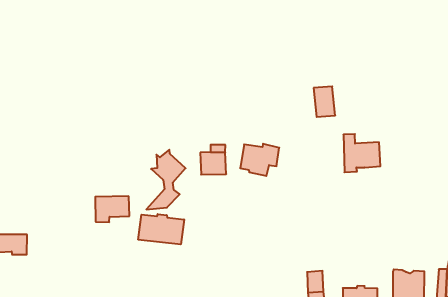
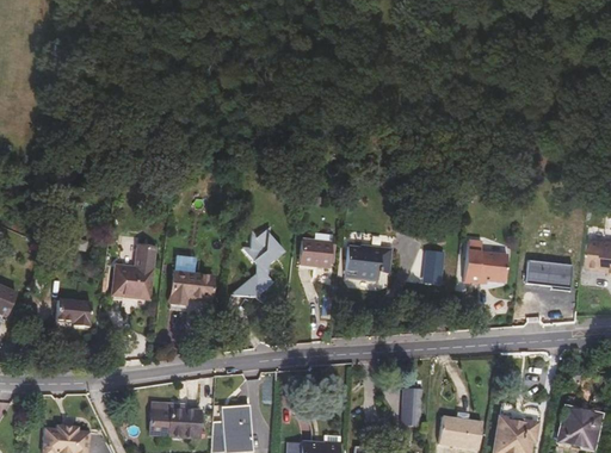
building: [314,86,335,117] -> [422,248,445,283]
building: none -> [526,256,573,287]
building: none -> [113,246,154,297]
building: [138,214,184,244] -> none

